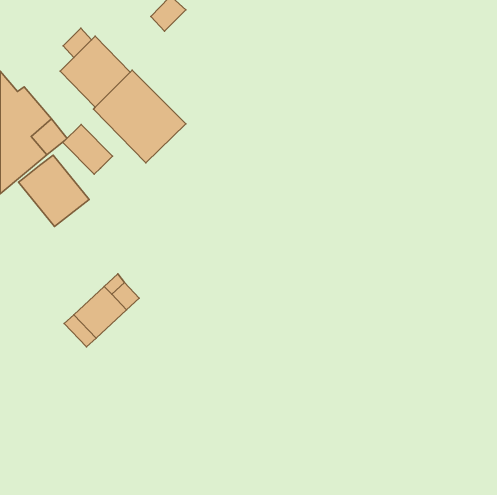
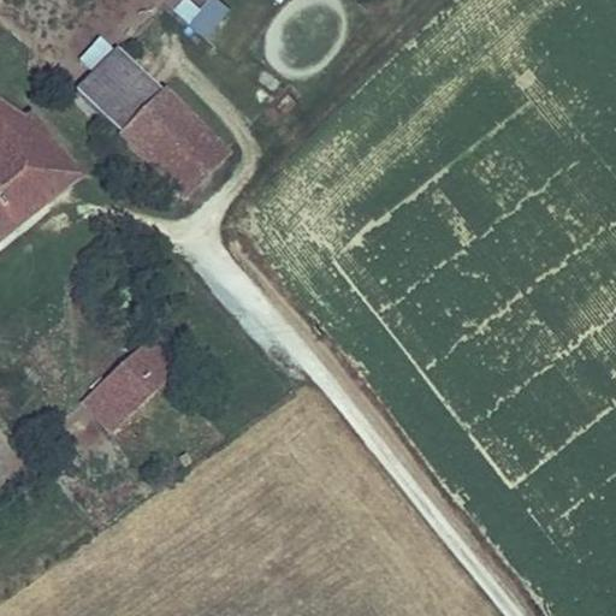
building: [63,125,113,174] -> none
building: [19,155,89,227] -> none

